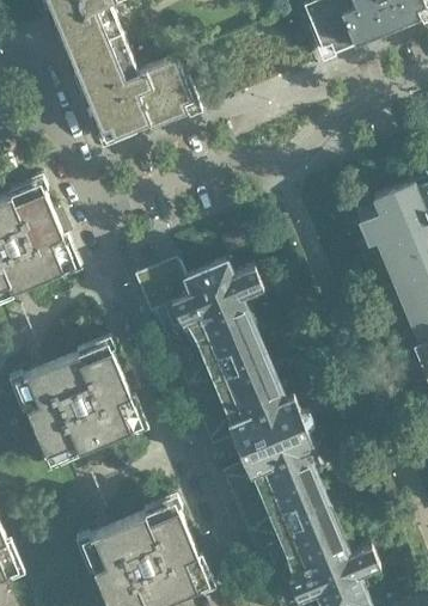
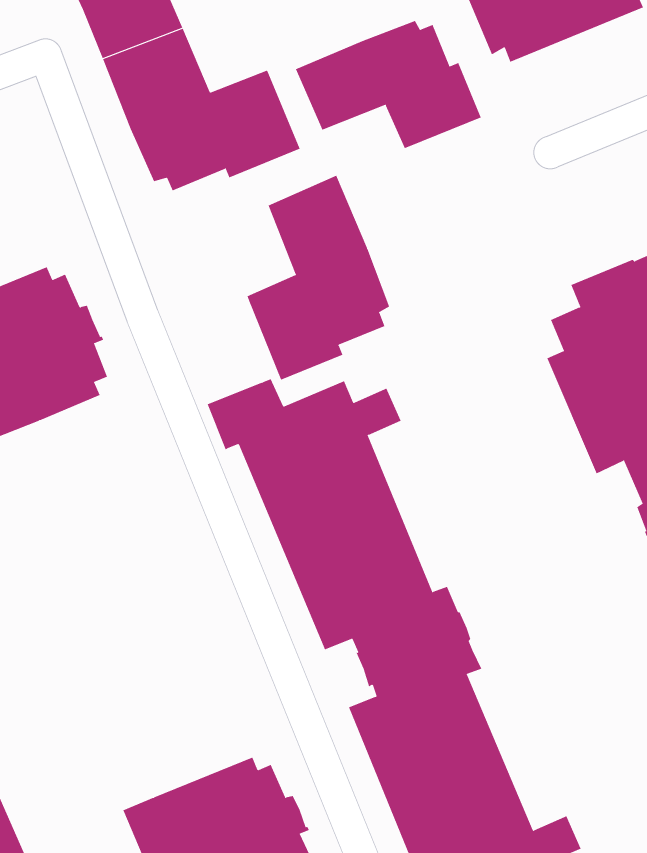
building: none -> [295,20,481,149]
building: none -> [247,175,390,381]
building: [14,345,140,465] -> none

